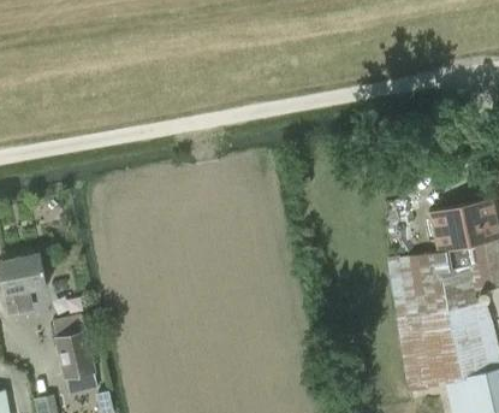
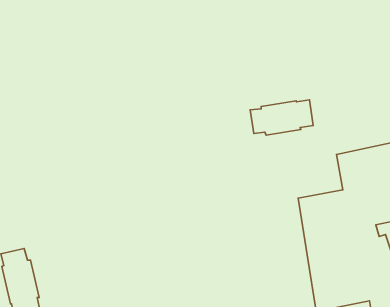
building: none -> [250,100,313,135]

